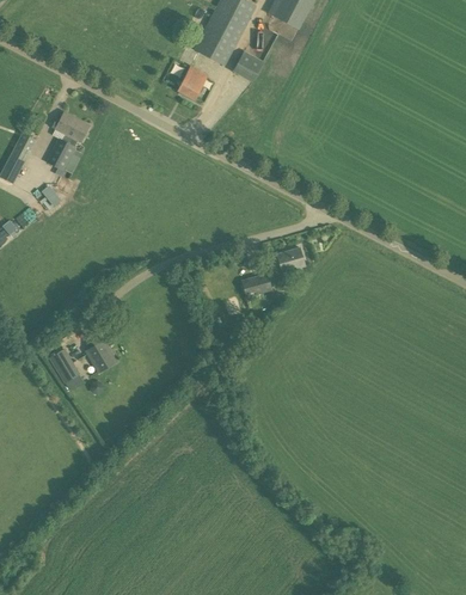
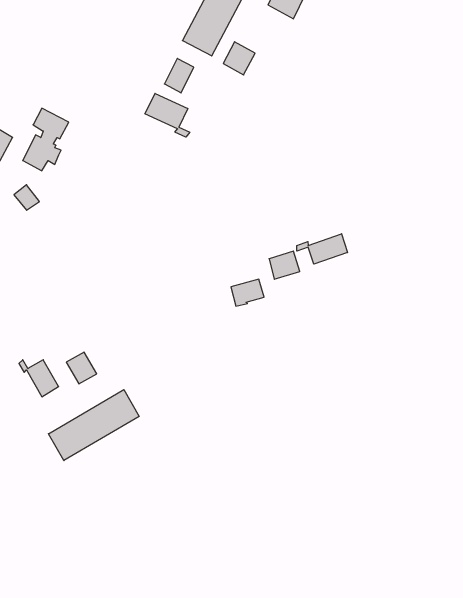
building: none -> [145,93,190,137]
building: none -> [297,234,347,264]
building: none -> [48,390,139,461]

